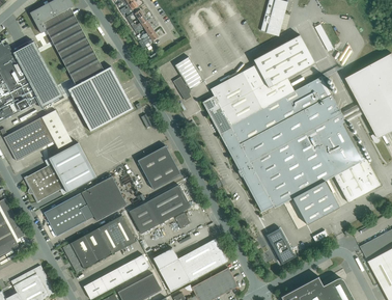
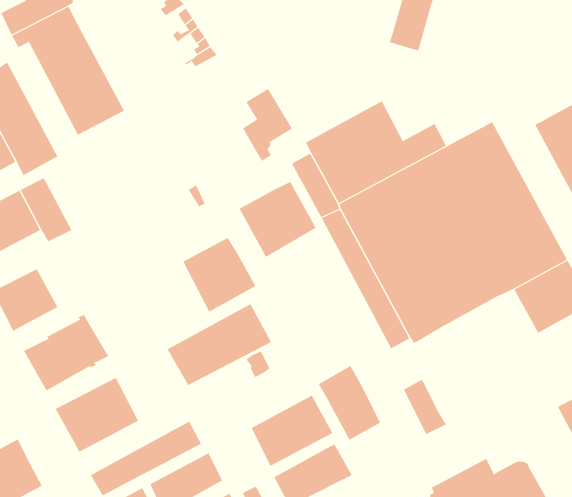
building: [252,35,313,88] -> none
building: [67,66,133,132] -> none
building: none -> [239,181,317,258]
building: [48,142,95,193] -> none
building: [80,176,125,221] -> none
building: [291,181,338,224] -> none
building: [97,215,135,254] -> none
building: [151,247,189,292] -> [318,365,381,440]

